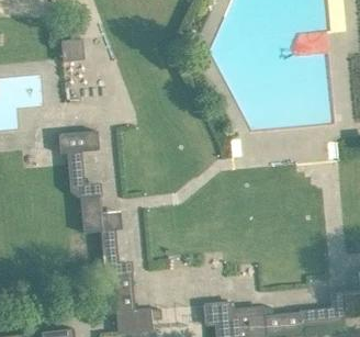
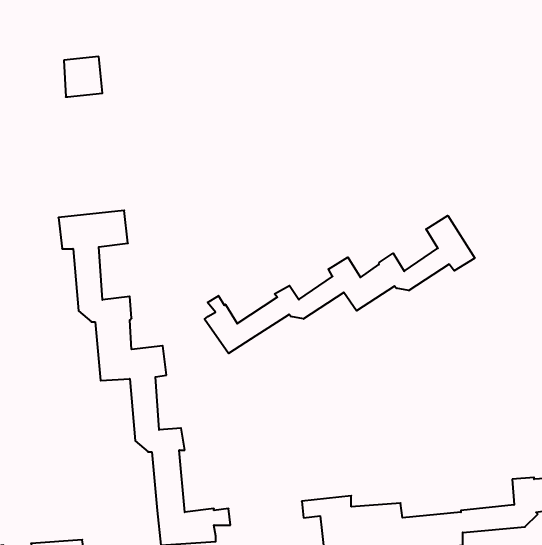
building: none -> [205,216,475,353]

